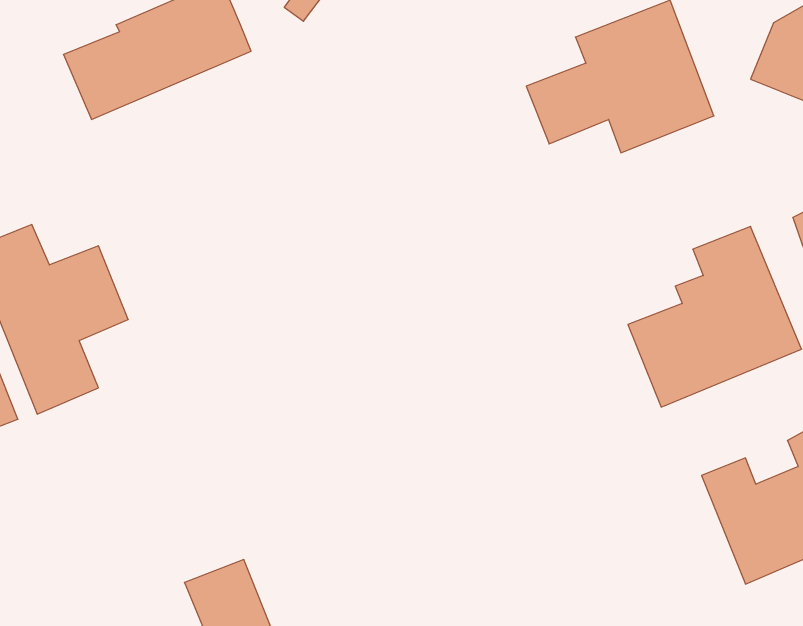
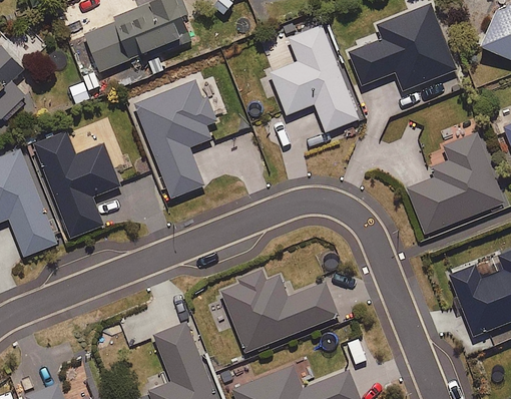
building: none -> [266,24,359,131]
building: none -> [133,79,217,198]
building: none -> [220,271,340,353]

